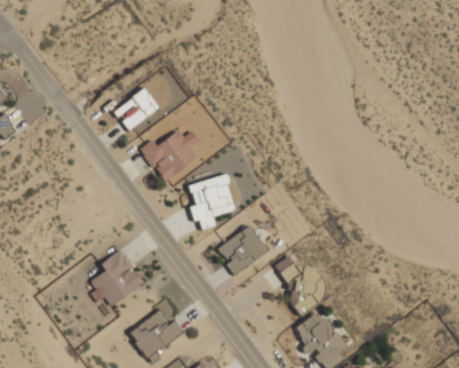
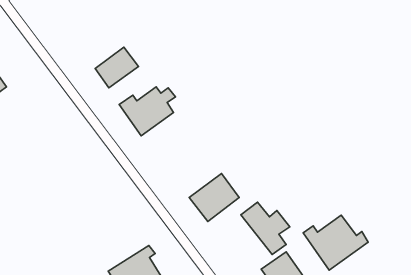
building: [188,174,235,231] -> none
building: [90,248,145,307] -> none
building: none -> [303,215,368,270]

